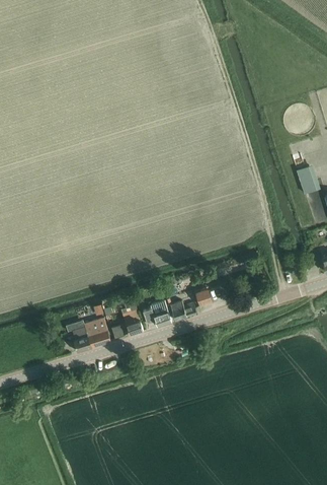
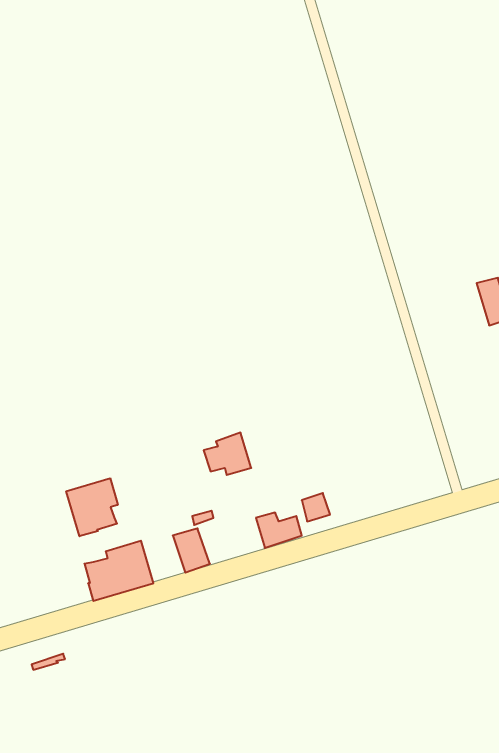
building: none -> [66,478,118,536]
building: [143,299,170,324] -> [204,433,251,475]

